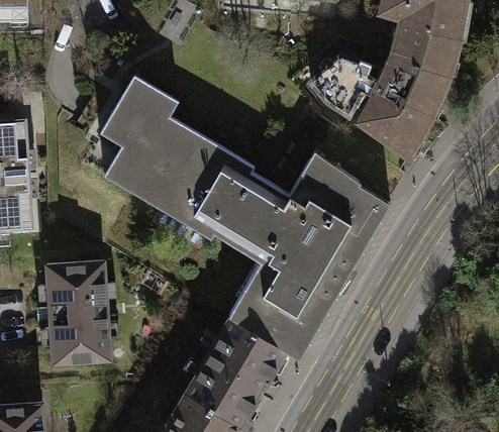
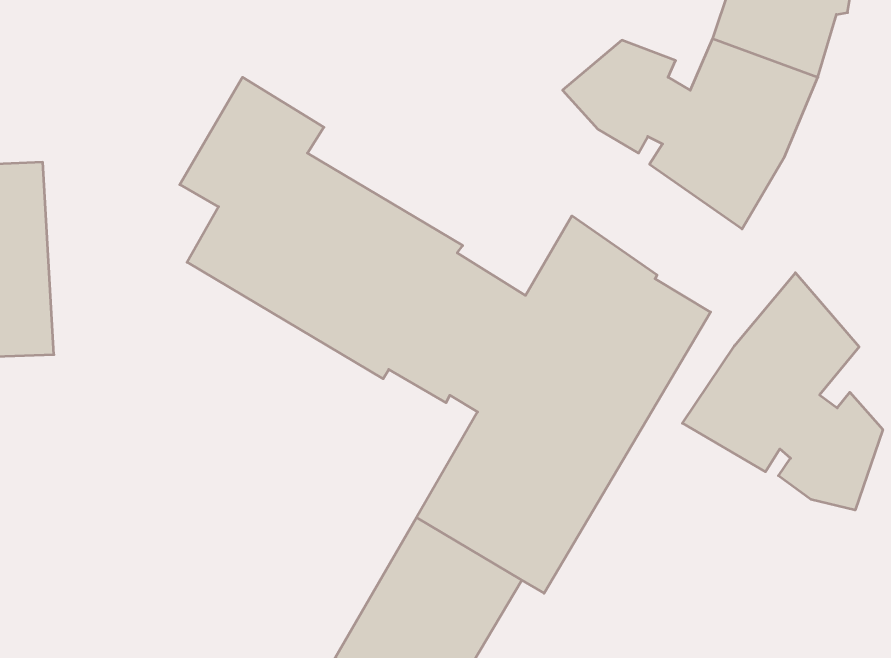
building: none -> [682,273,883,510]
building: [45,261,110,364] -> none

